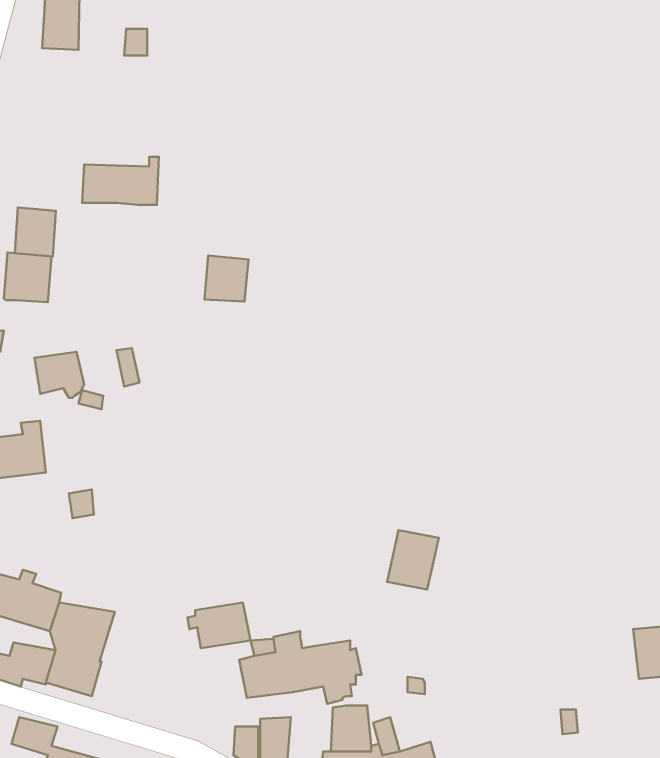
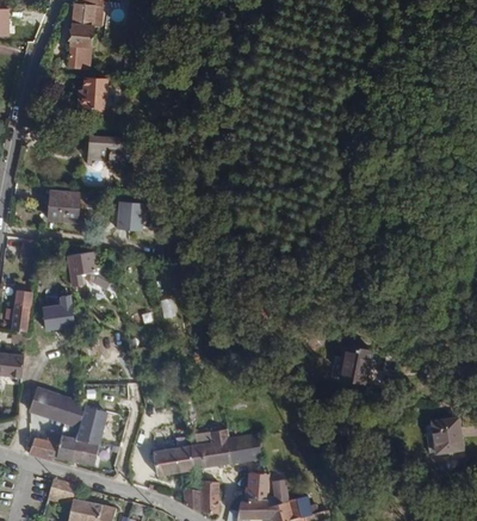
building: none -> [76,70,107,103]
building: [15,208,56,256] -> none
building: [204,256,248,301] -> [113,201,141,230]
building: [387,530,439,589] -> [347,347,379,384]
building: [187,602,251,648] -> [157,445,197,473]

